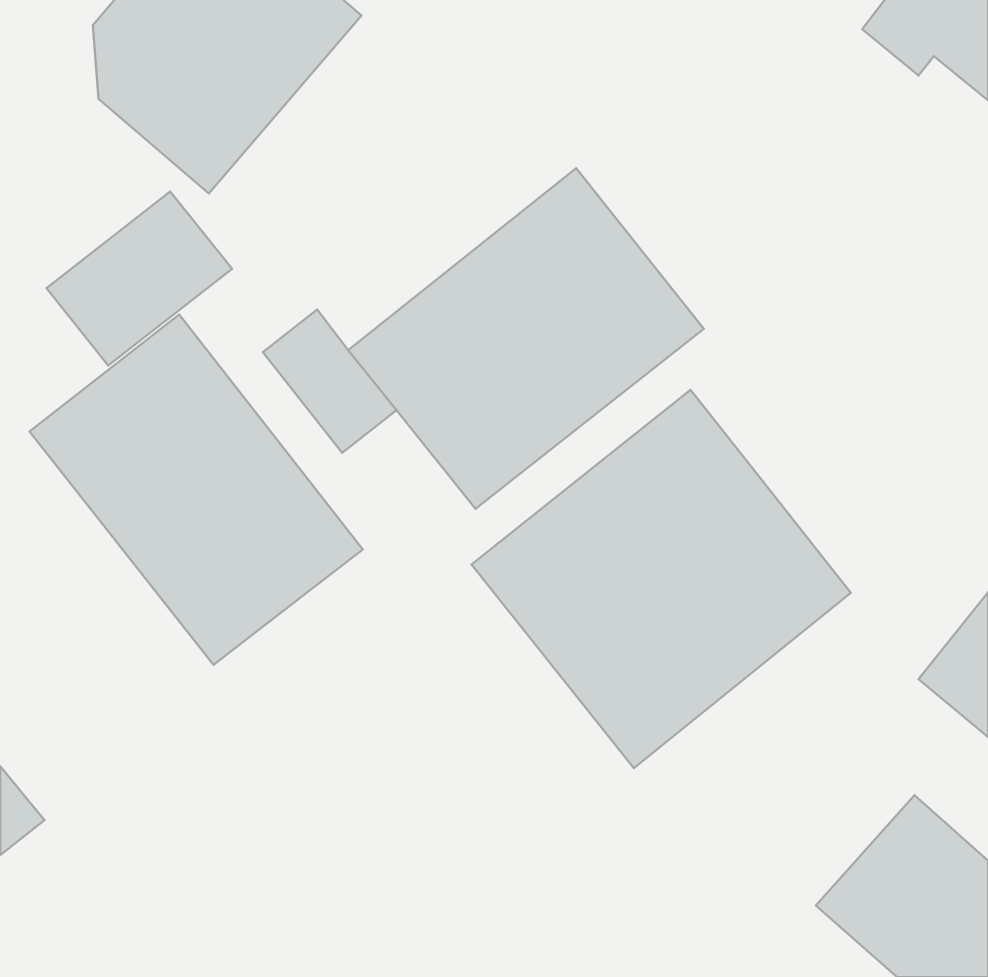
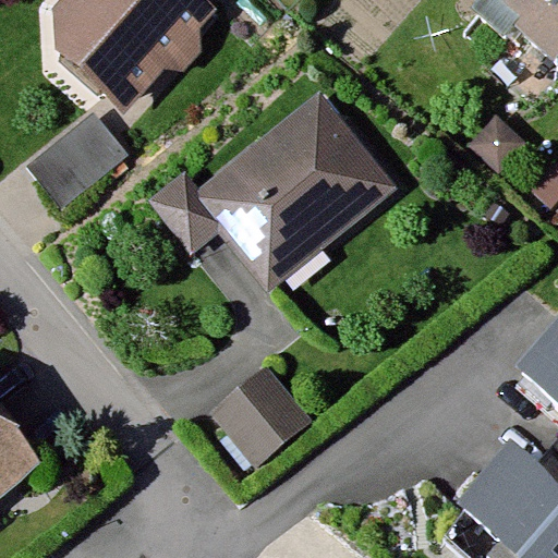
building: [29,314,363,665] -> none
building: [471,390,851,768] -> none
building: none -> [208,365,313,468]

